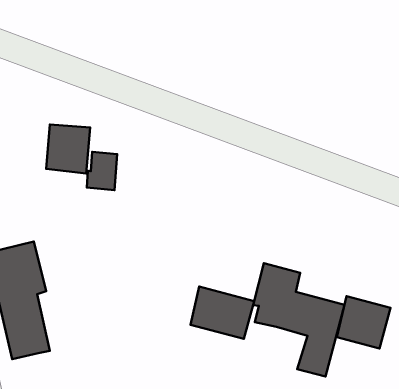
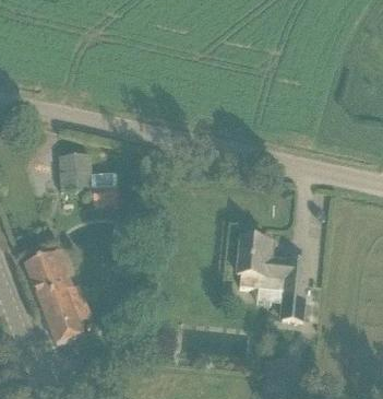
building: [191,287,254,339] -> none
building: [337,296,391,349] -> none

